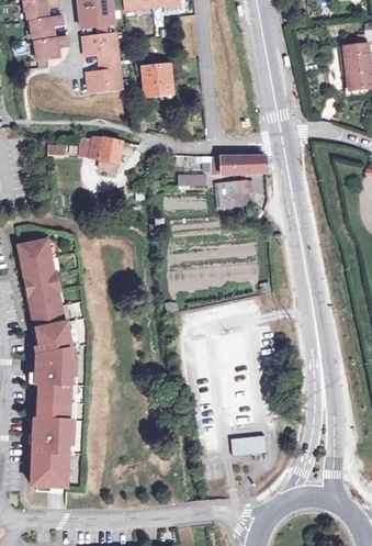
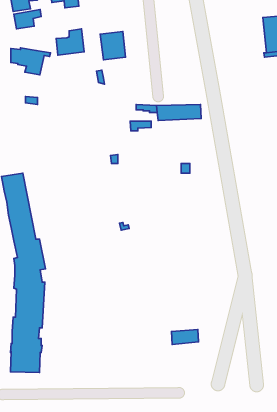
building: [82,32,119,63] -> none
building: [80,136,129,170] -> [11,48,50,75]
building: [214,181,252,208] -> none

